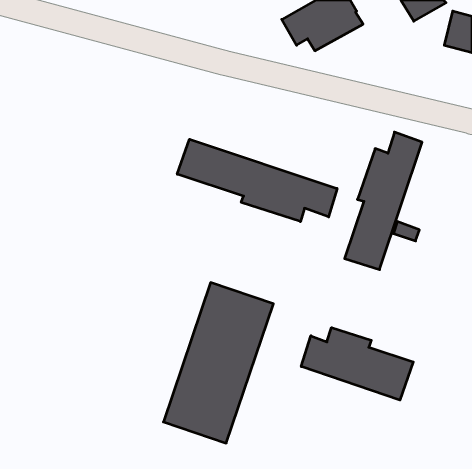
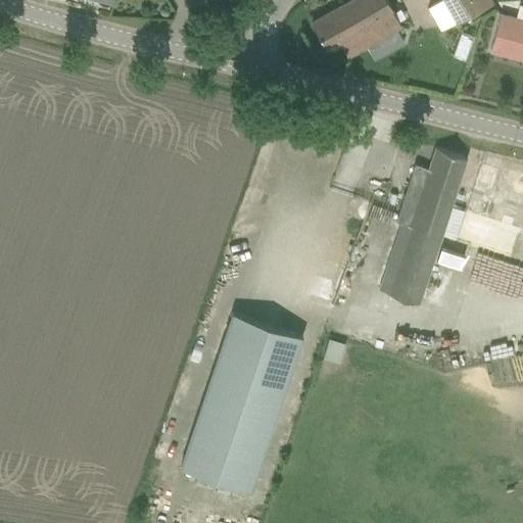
building: [177,139,337,222] -> none
building: [301,328,413,400] -> none

